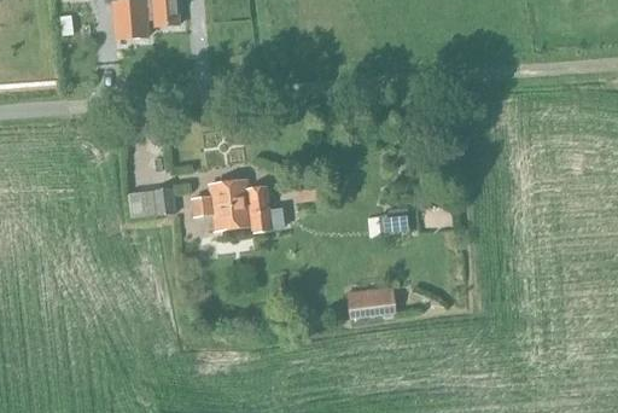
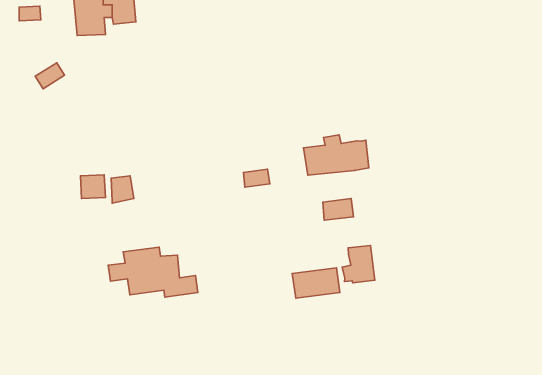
building: none -> [303,135,369,175]
building: [192,180,287,233] -> [108,247,198,297]
building: none -> [342,245,375,283]

